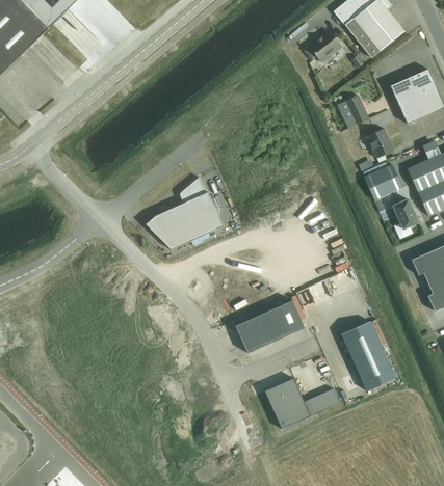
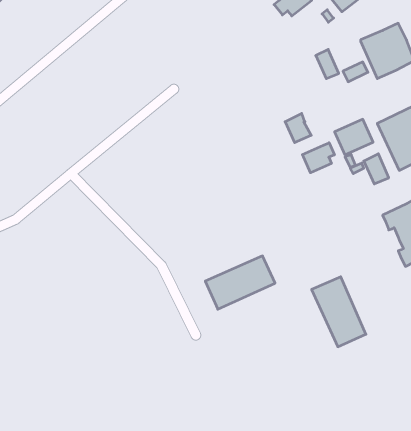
building: [367,128,393,157] -> [285,113,311,143]
building: [146,177,217,249] -> none
building: none -> [302,143,334,173]
building: [264,377,340,429] -> none

